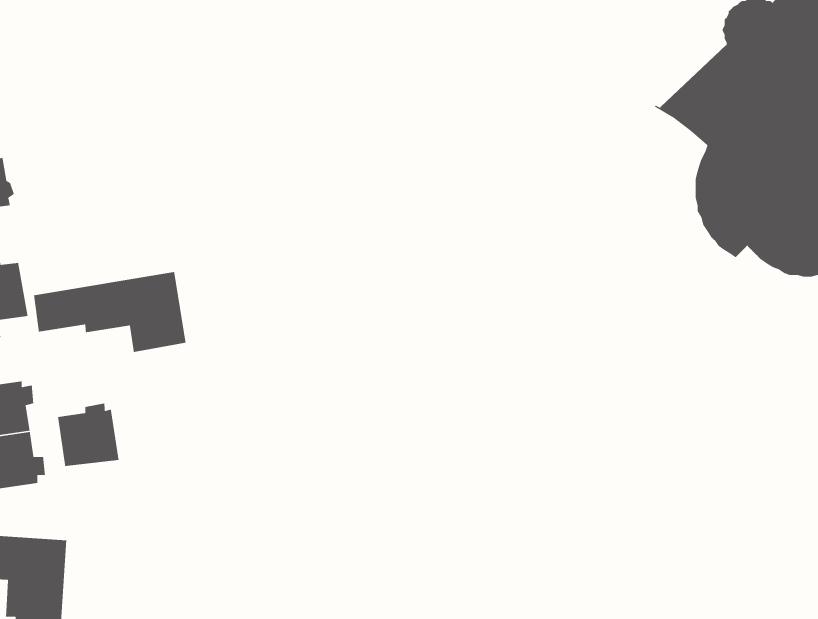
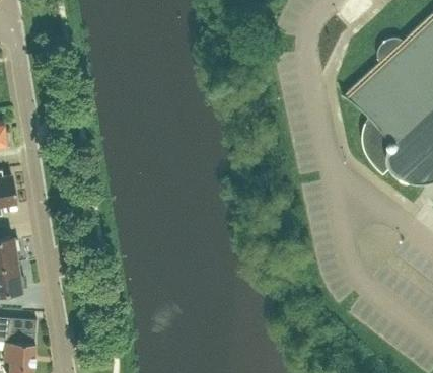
building: [33,271,187,353] -> none
building: [57,403,120,467] -> none

